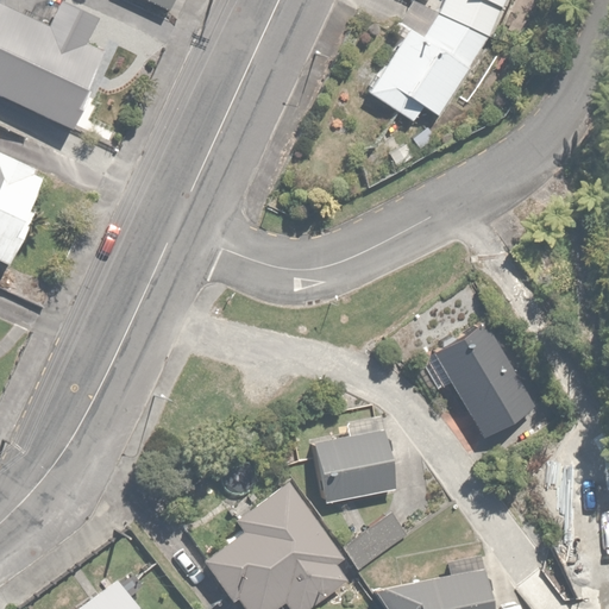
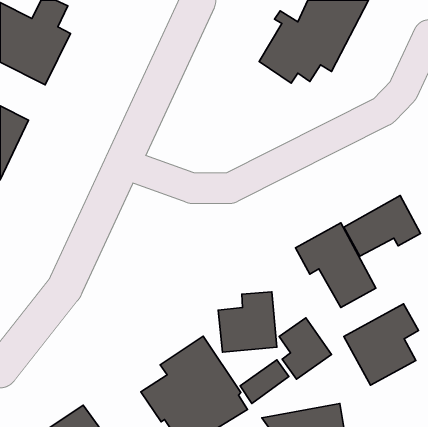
building: none -> [344,196,421,256]
building: none -> [344,304,419,385]
building: none -> [279,318,332,379]

